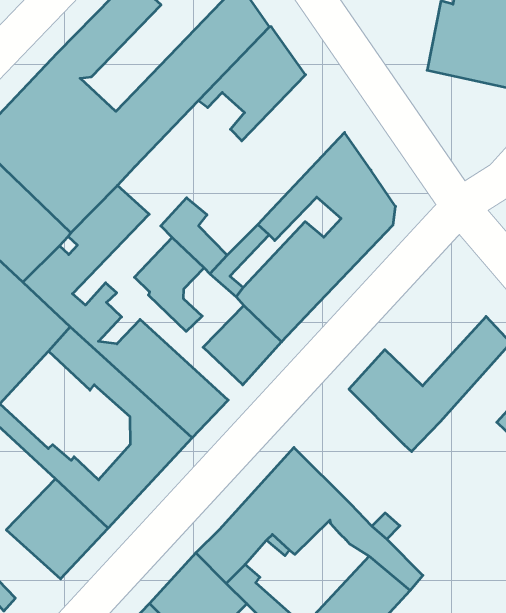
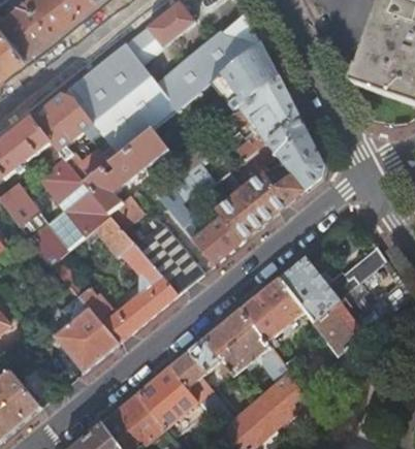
building: none -> [230,76,298,161]
building: none -> [241,277,310,349]
building: none -> [314,304,360,355]

